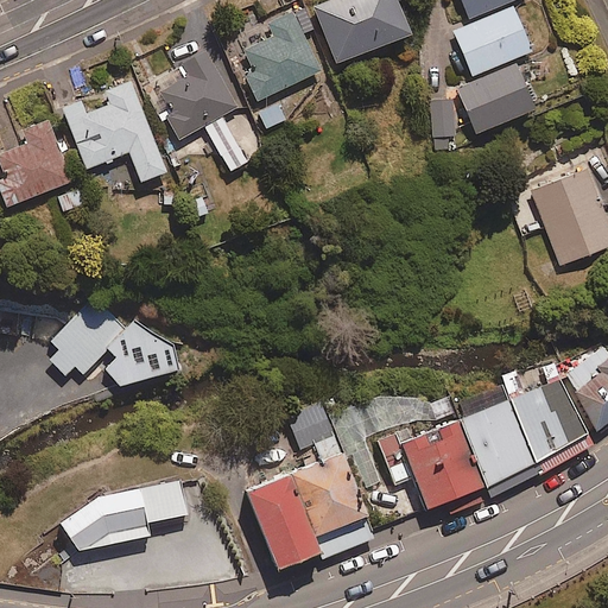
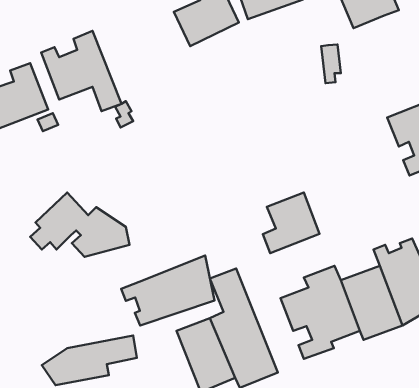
building: [148,51,272,173] -> none
building: [455,61,536,137] -> none
building: none -> [263,192,320,253]
building: none -> [121,255,214,325]

